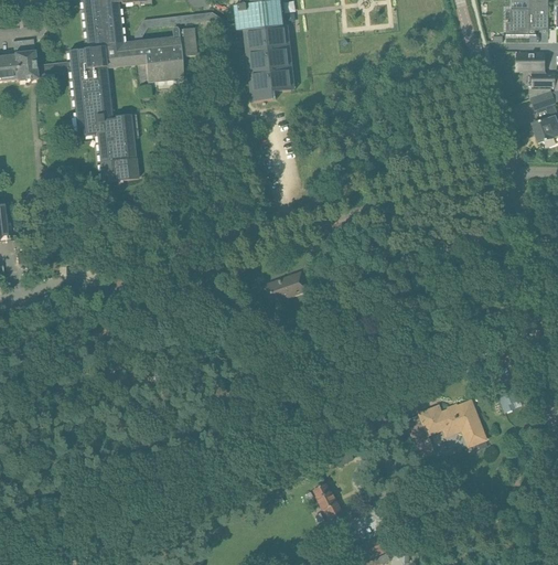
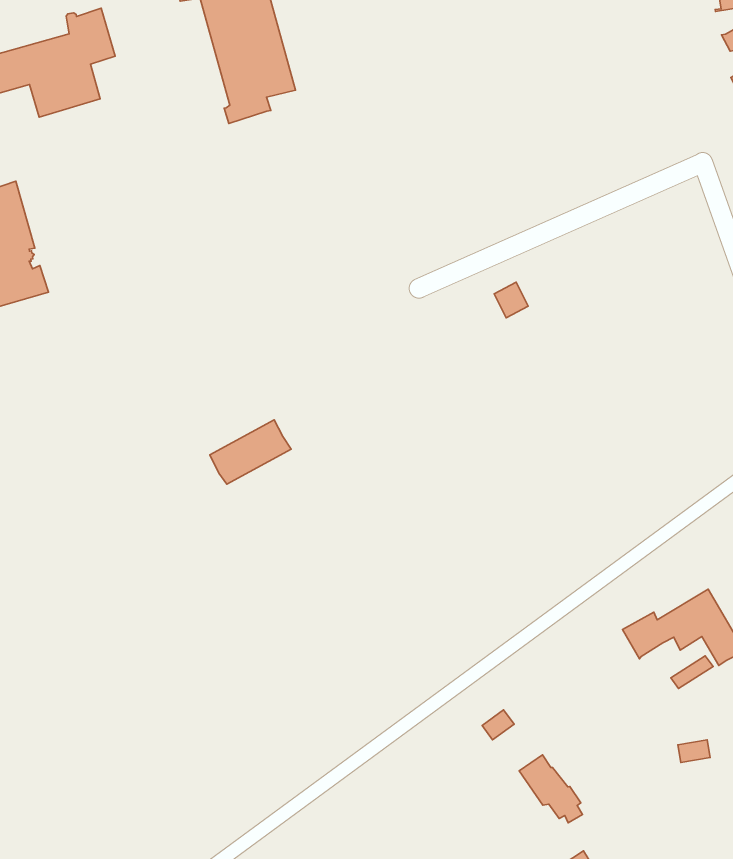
building: [262,271,308,302] -> [210,420,291,484]
building: [312,482,343,522] -> [519,755,583,823]

